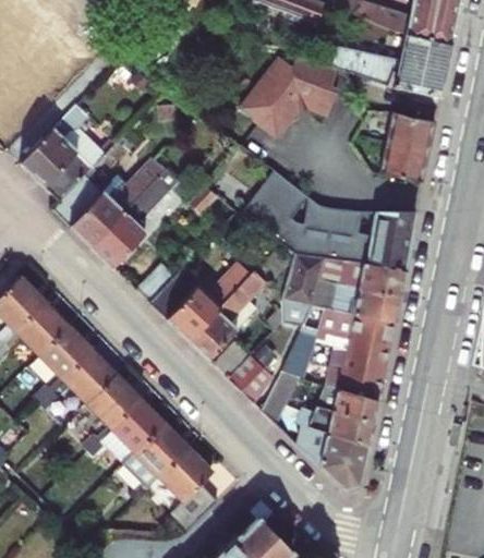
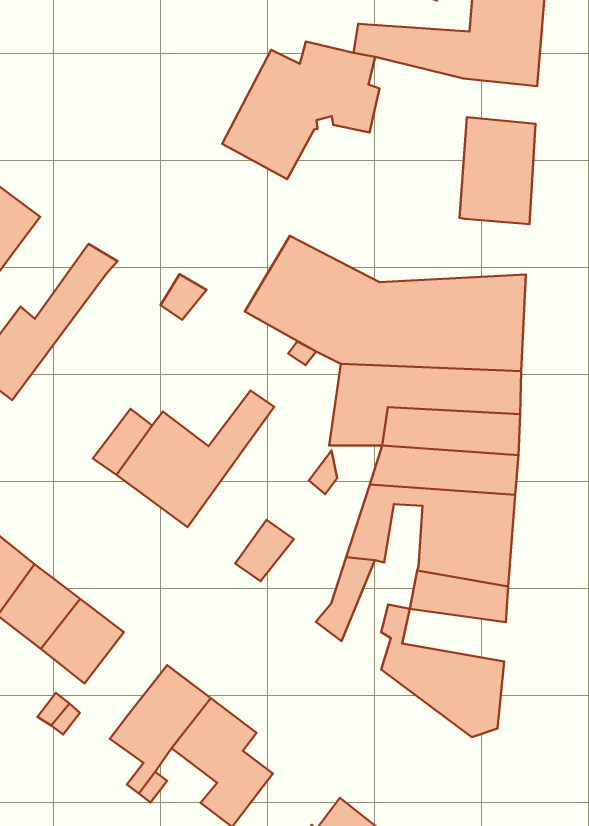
building: [90,177,171,267] -> none
building: [187,270,267,359] -> none
building: [228,355,274,403] -> none
building: [111,398,164,449] -> none
building: [310,408,375,448] -> none

